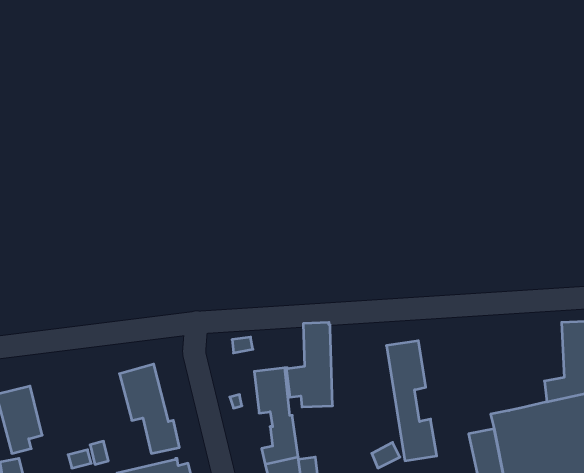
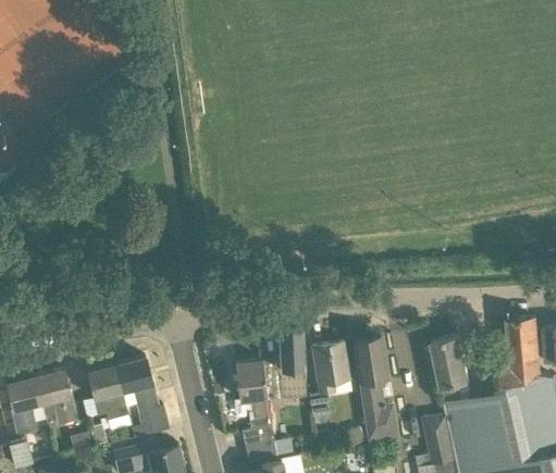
building: none -> [432,336,470,401]
building: none -> [310,343,350,418]
building: none -> [87,365,128,420]
building: none -> [36,369,78,426]

